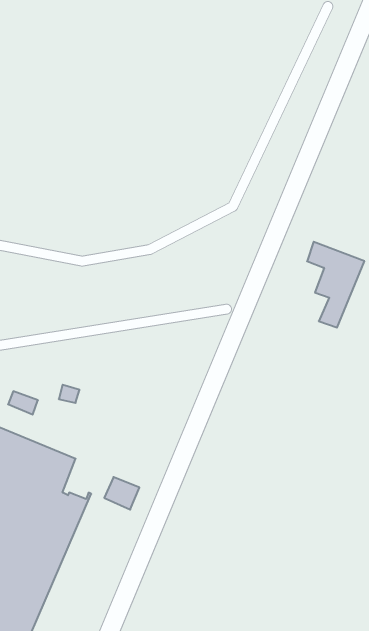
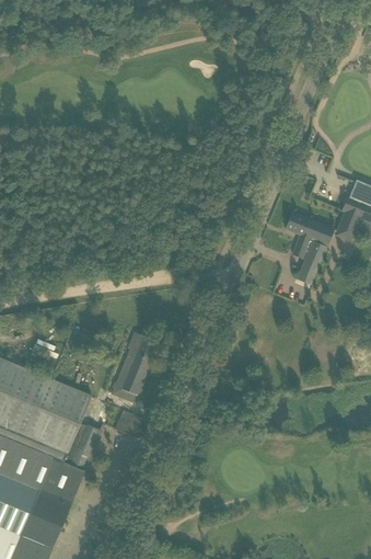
building: none -> [112,331,158,401]

